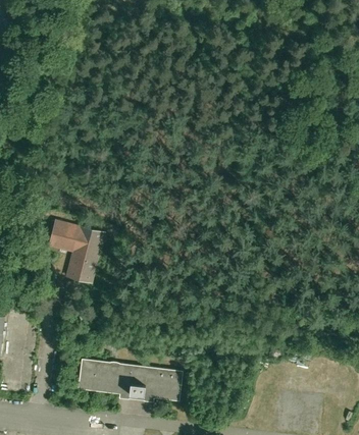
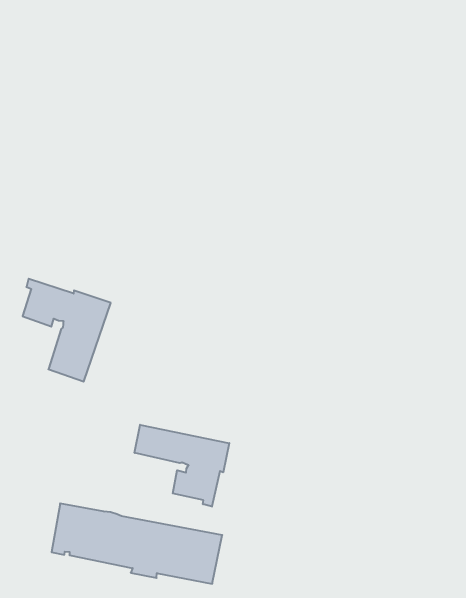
building: none -> [135,425,229,507]

